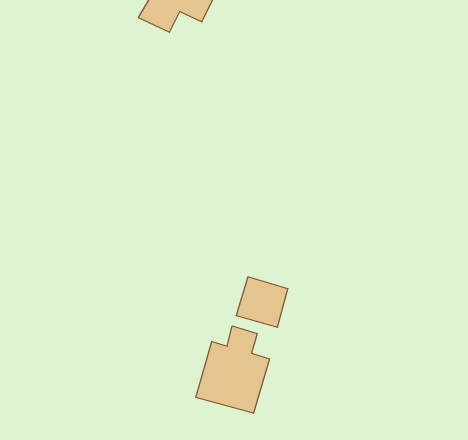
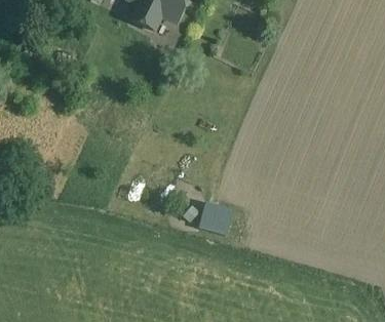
building: [196,326,269,413] -> none

